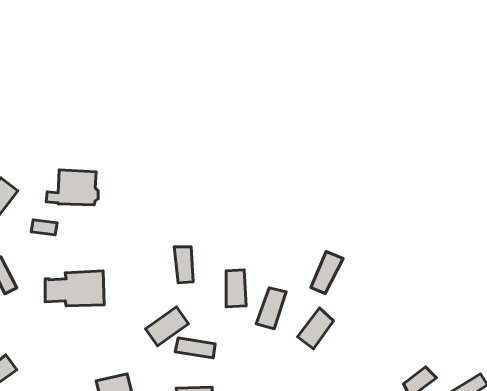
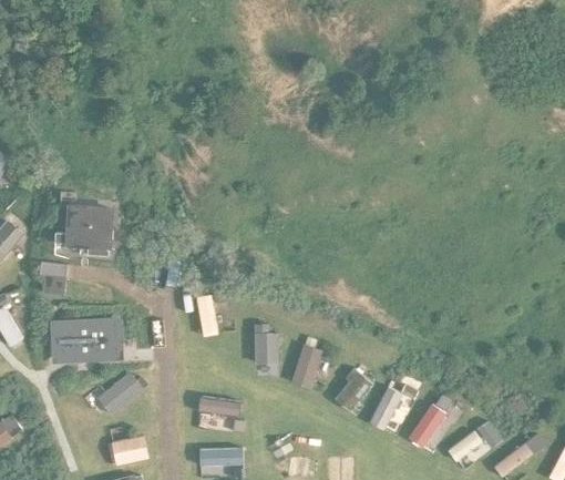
building: [311,251,343,293] -> [369,382,404,429]
building: [145,307,189,346] -> [96,372,144,416]
building: none -> [408,394,452,447]

